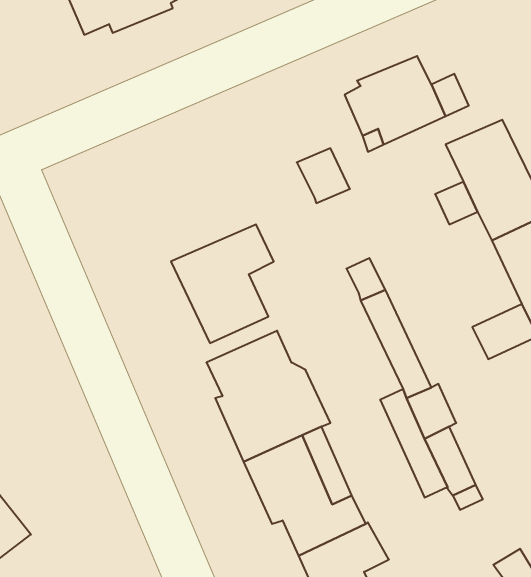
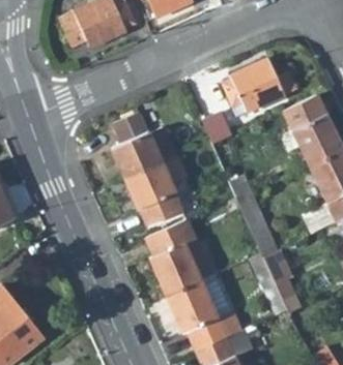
building: none -> [110,113,174,178]

